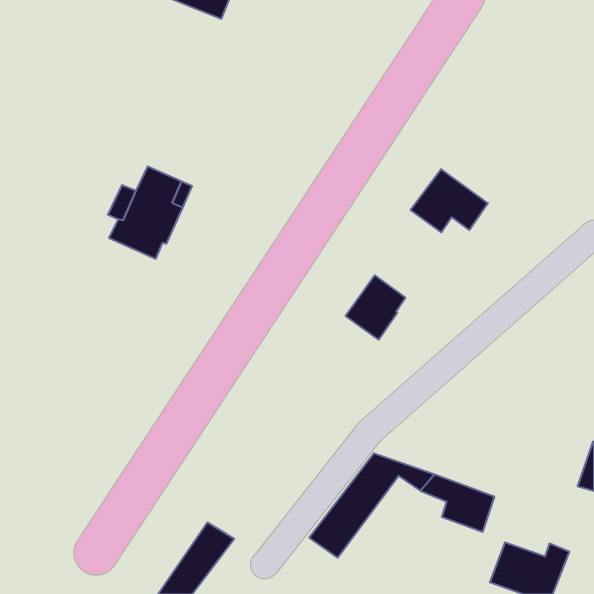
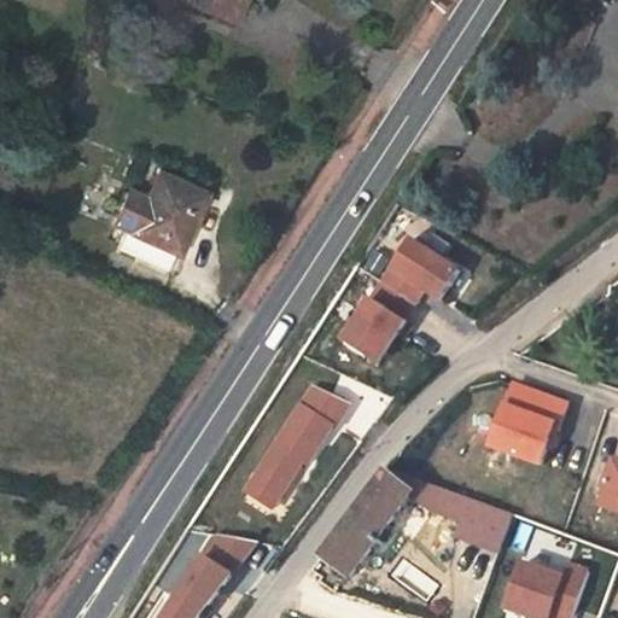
building: [411,169,488,232] -> [386,241,466,307]
building: none -> [488,380,565,460]
building: none -> [244,383,345,507]

